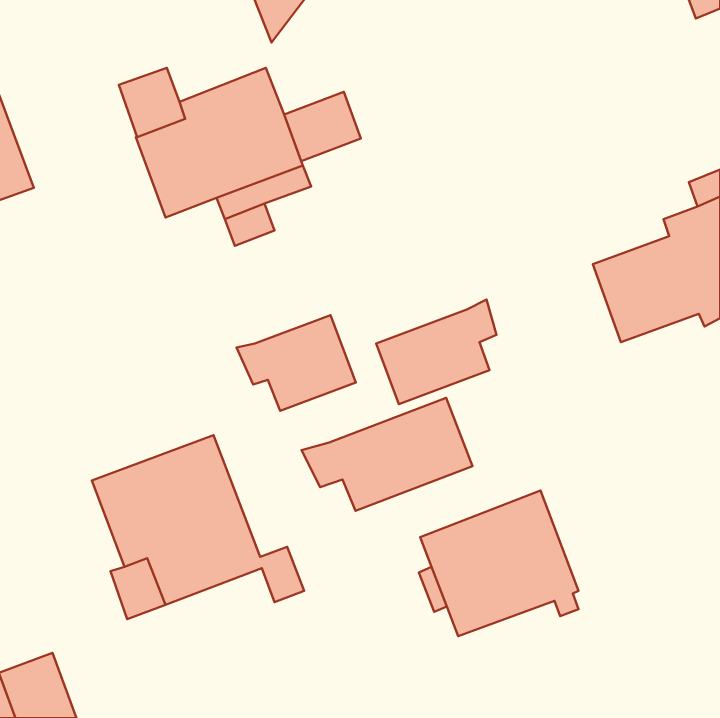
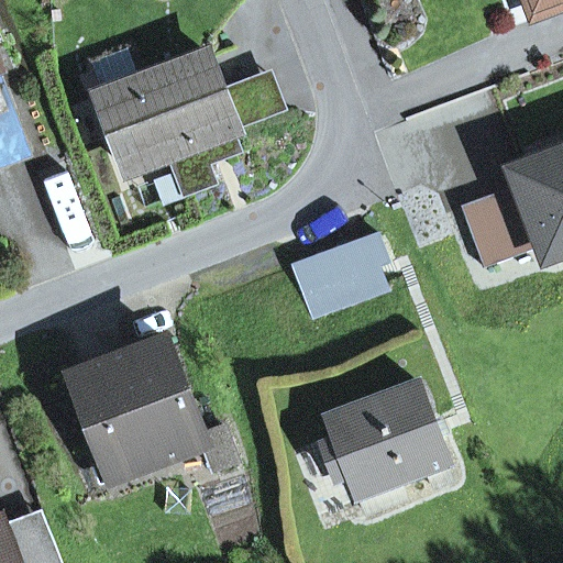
building: [237,315,356,411] -> none
building: [302,398,472,511] -> none

